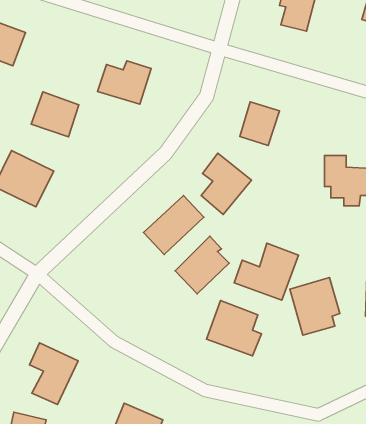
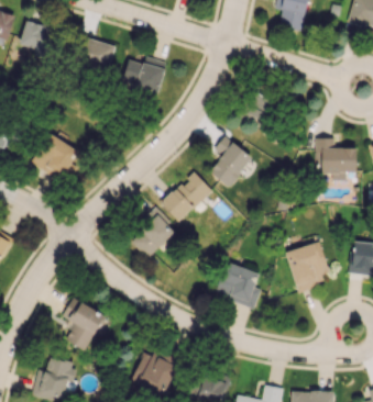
building: [31,92,79,137] -> [75,36,116,75]
building: [175,236,229,294] -> [129,209,175,258]
building: [234,243,298,300] -> none

